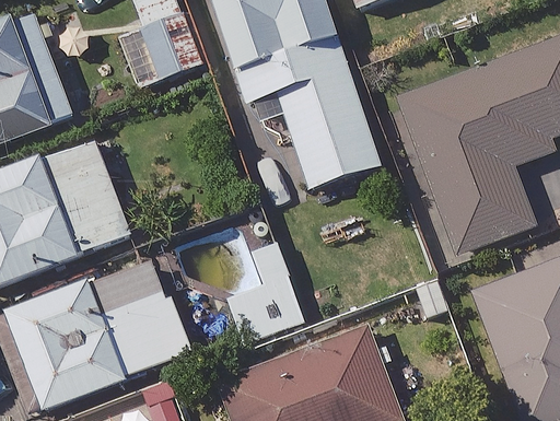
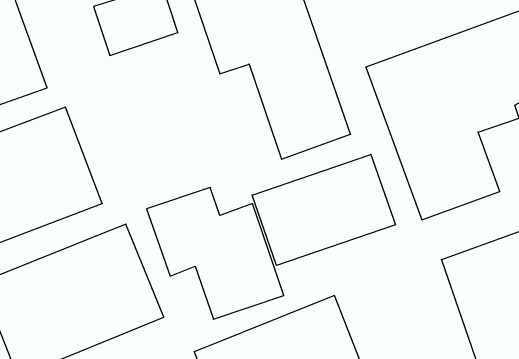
building: none -> [252,154,395,265]

